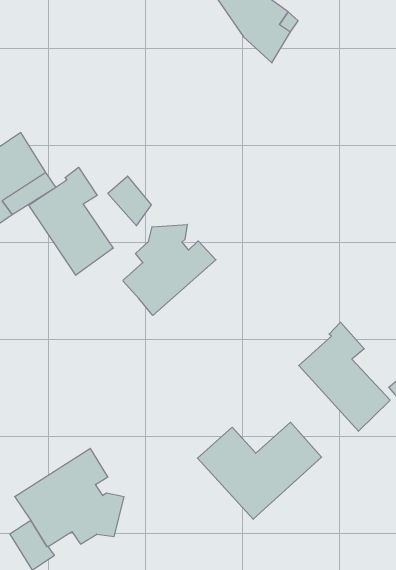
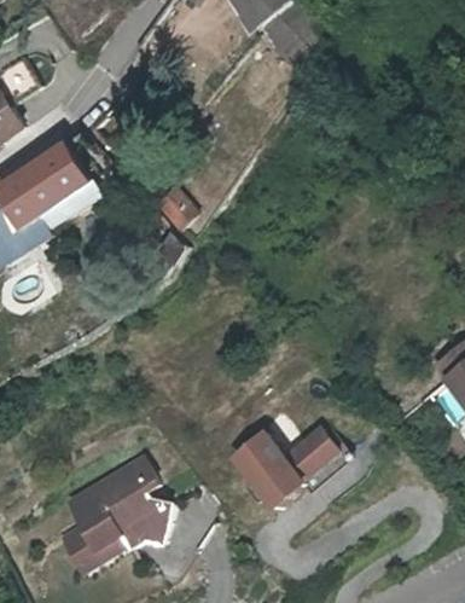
building: [29,167,113,275] -> none
building: [123,224,216,315] -> none
building: [299,322,390,431] -> none

